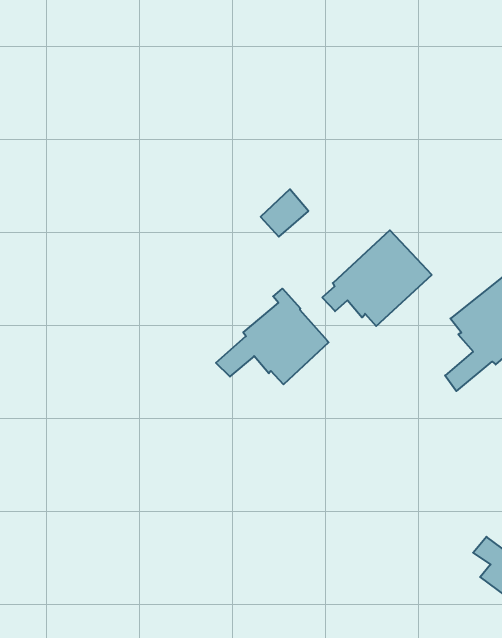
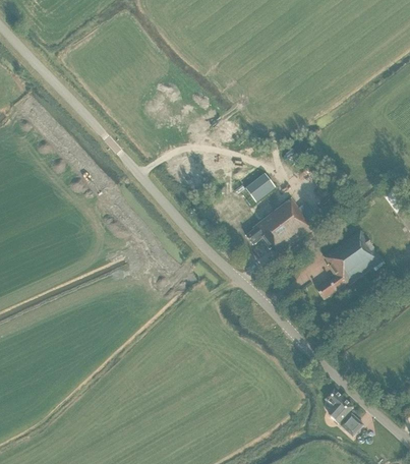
building: [261,189,308,237] -> [245,173,275,201]
building: [216,289,329,384] -> none

